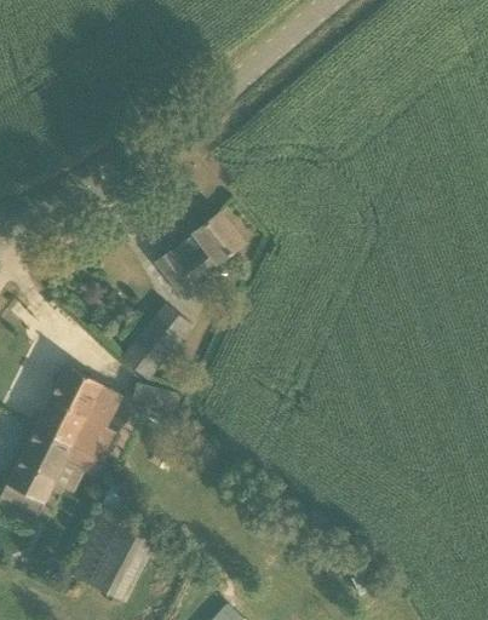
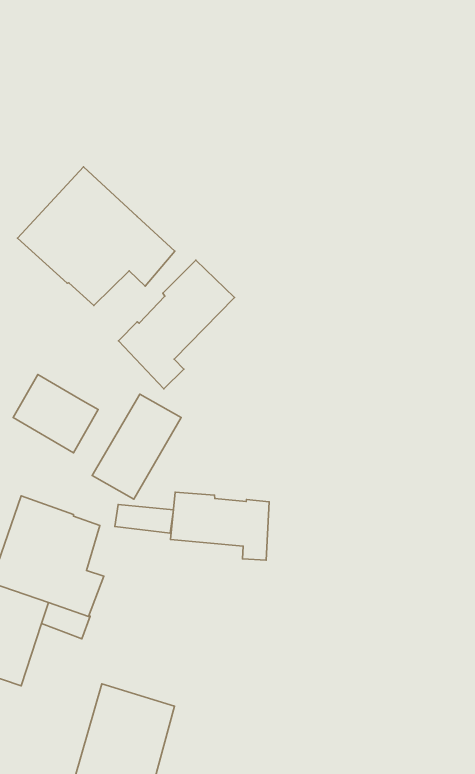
building: none -> [17,167,175,305]
building: none -> [13,374,98,453]
building: none -> [170,492,269,560]

